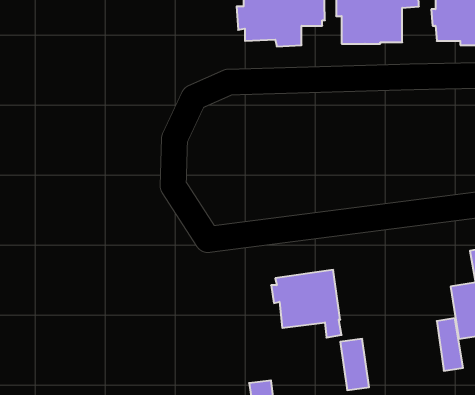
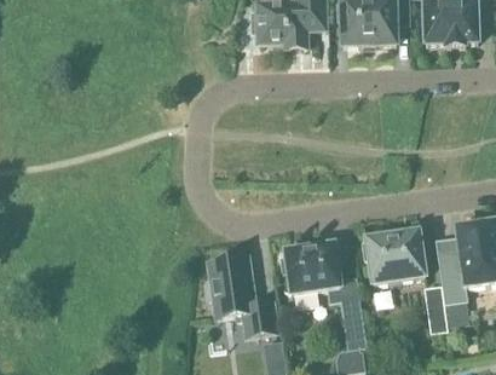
building: none -> [363,231,426,283]
building: none -> [208,252,277,336]

